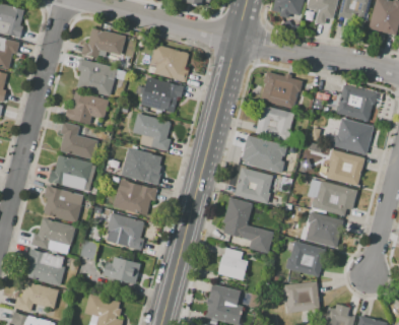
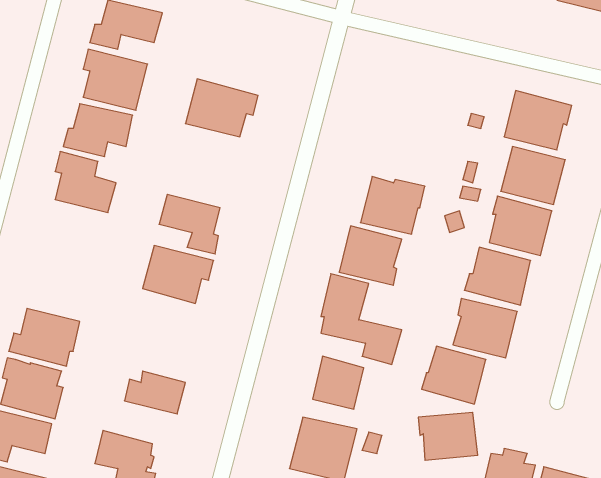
building: [150,45,189,82] -> none
building: [261,72,301,109] -> none
building: [256,106,294,142] -> none
building: [133,114,171,150] -> none
building: [48,154,91,190] -> none
building: [44,186,83,222] -> none
building: [105,213,145,250] -> none

